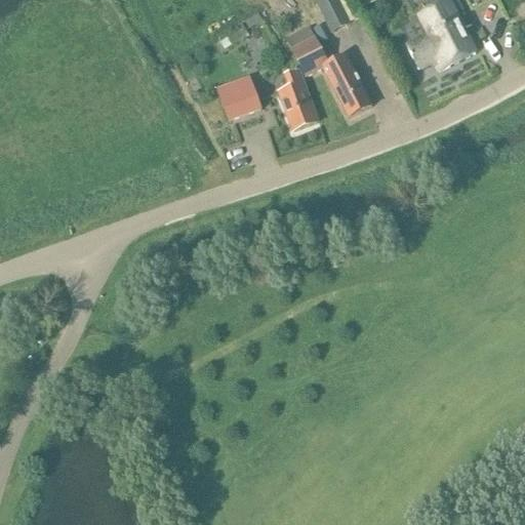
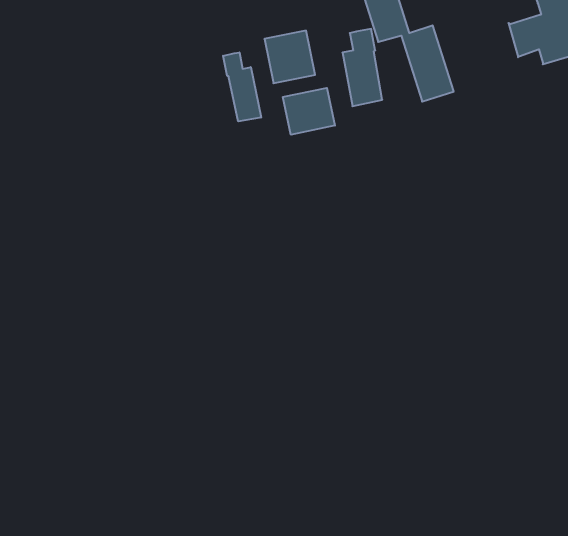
building: none -> [223,52,261,121]
building: none -> [283,88,335,135]

